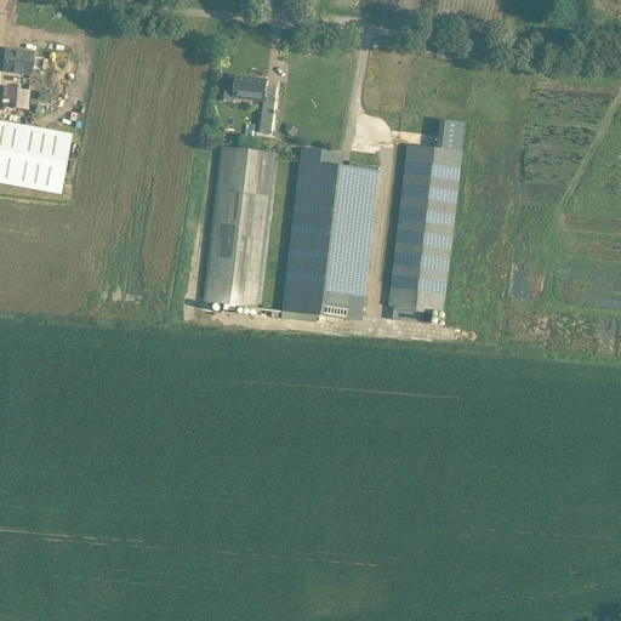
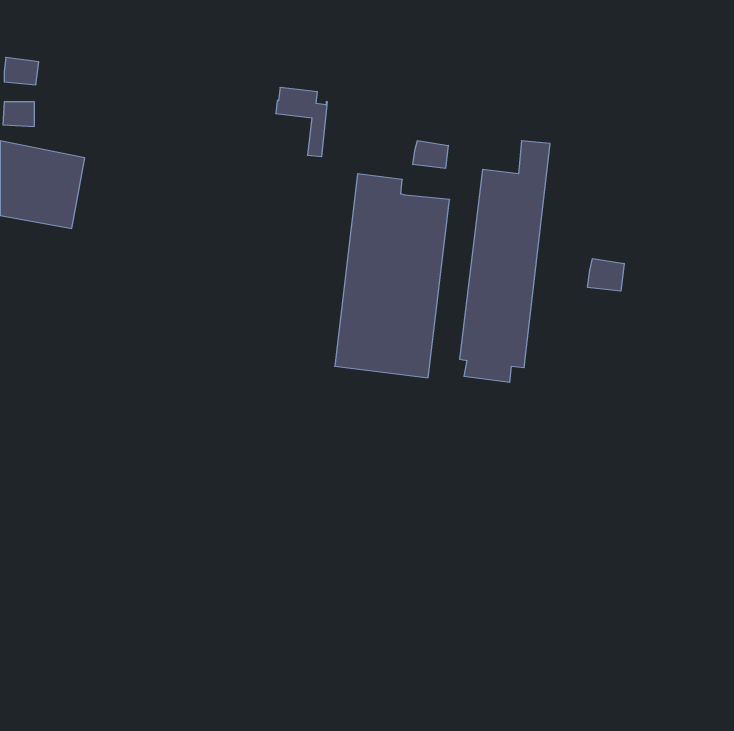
building: none -> [413,141,448,168]
building: [203,144,275,313] -> none
building: none -> [588,259,624,291]

